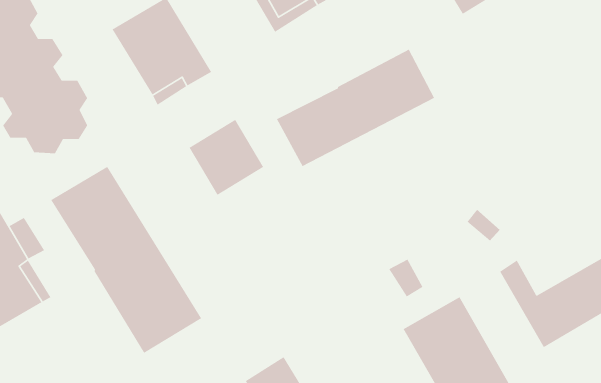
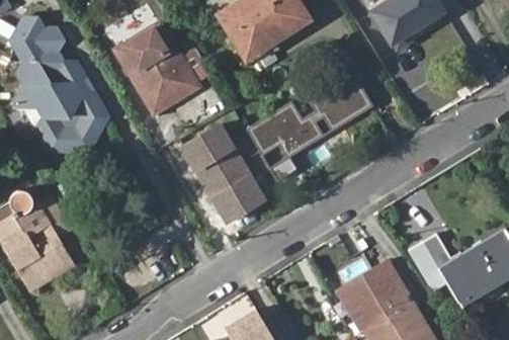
building: [50,166,202,354] -> none
building: none -> [203,162,262,221]

